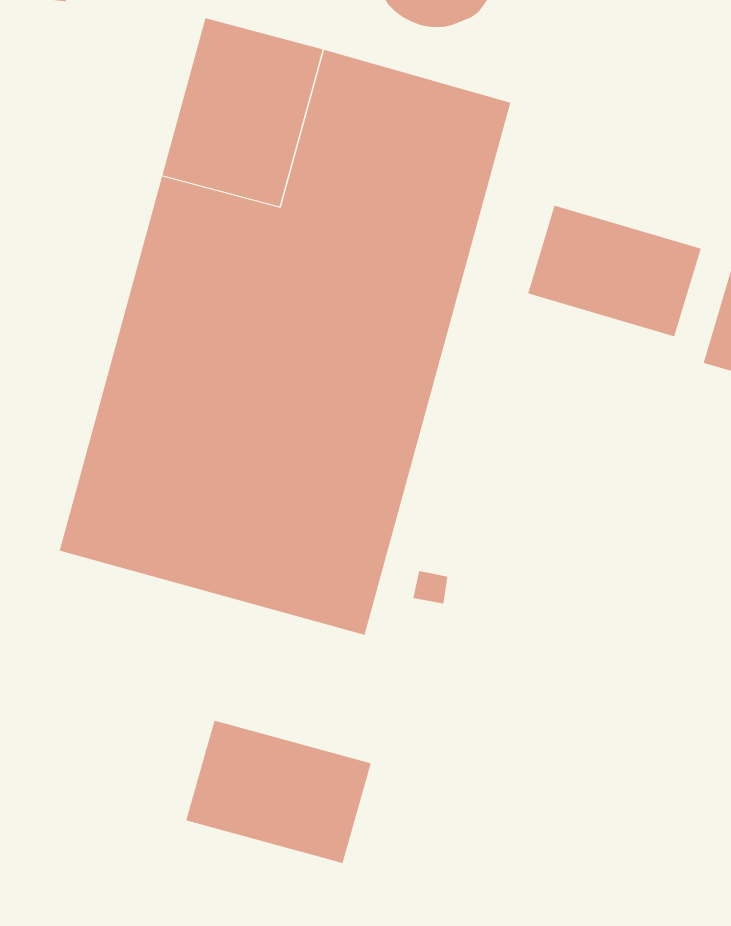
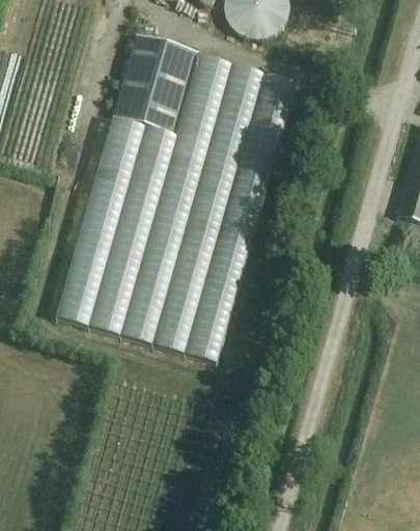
building: [527,205,701,337] -> none
building: [185,720,371,864] -> none

